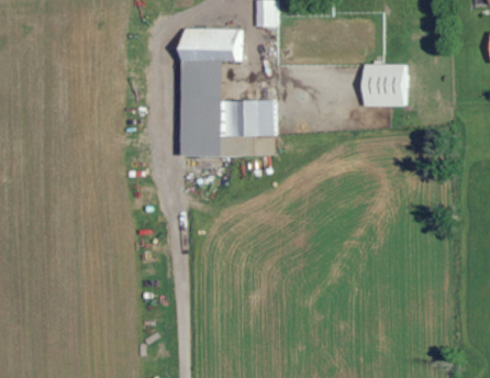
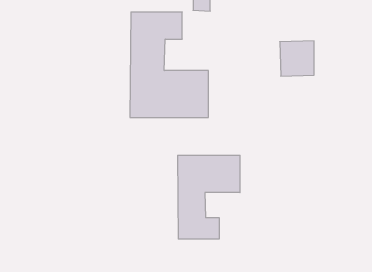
building: none -> [178,155,240,239]

